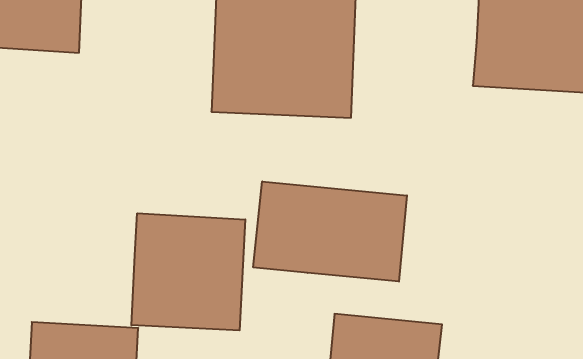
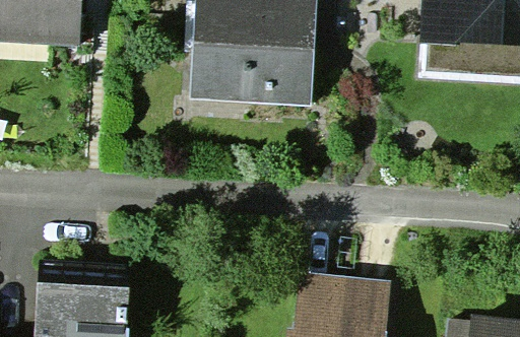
building: [253,181,407,282] -> none
building: [131,213,245,330] -> none

